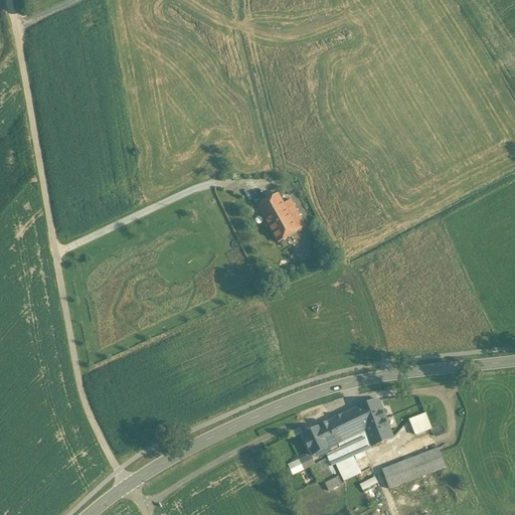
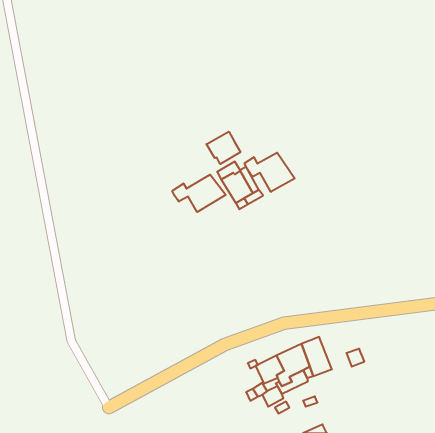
building: none -> [206,132,240,164]
building: none -> [245,153,295,192]
building: none -> [172,175,226,212]
building: [381,447,446,488] -> none

